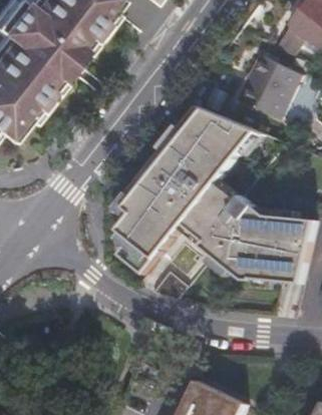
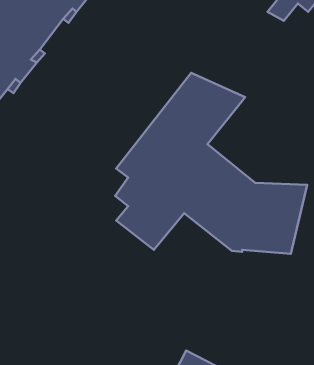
building: [243,60,305,122] -> none

